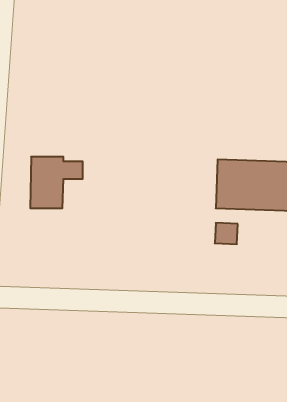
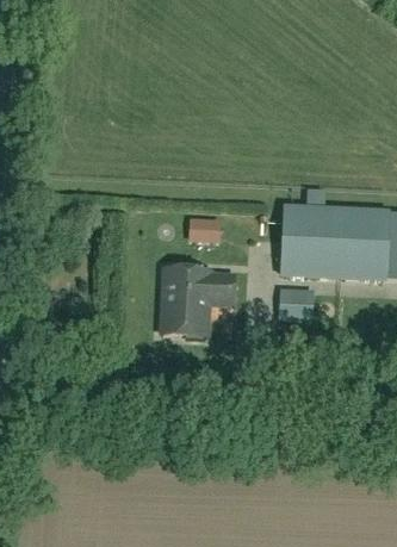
building: [30,157,83,208] -> [165,268,232,335]
building: none -> [187,216,221,240]

